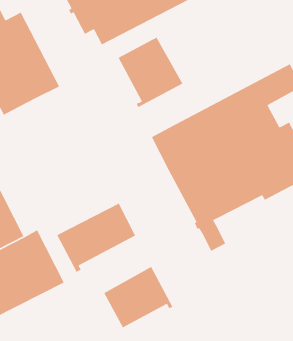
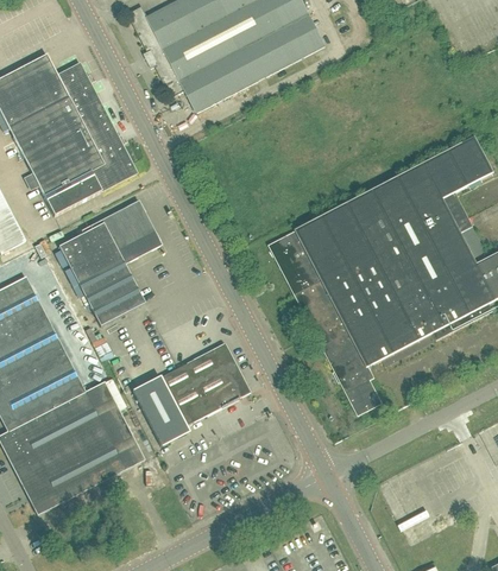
building: [118,36,183,108] -> none
building: none -> [57,199,159,325]
building: [103,266,173,328] -> none

